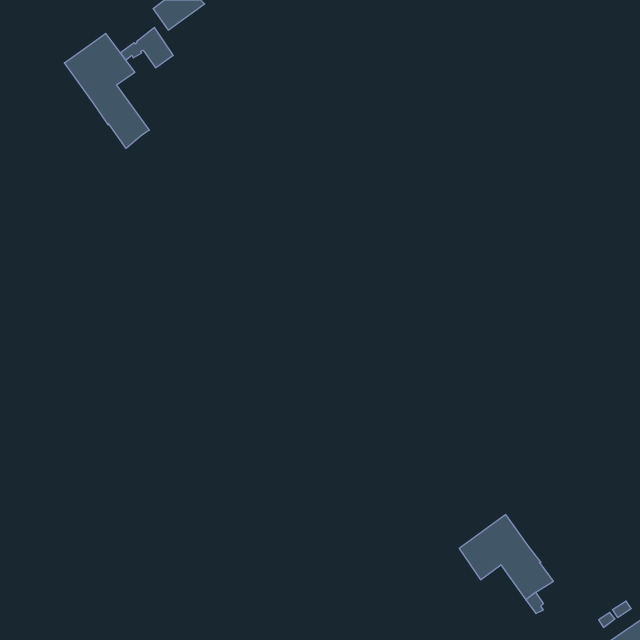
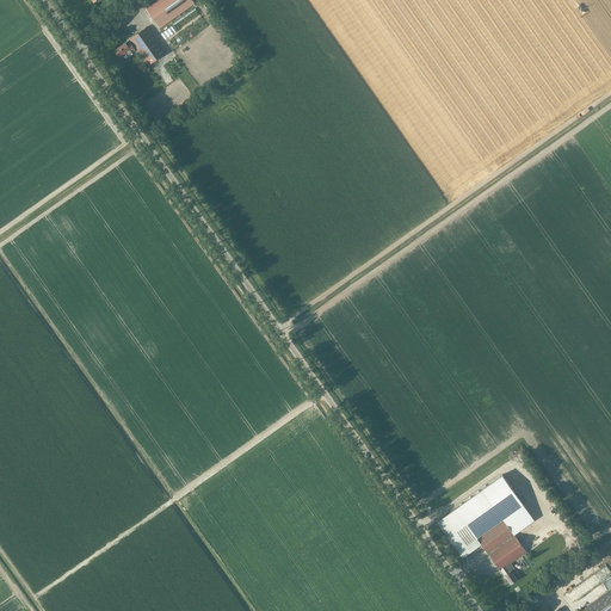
building: [64,33,149,148] -> none
building: none -> [482,476,524,520]

